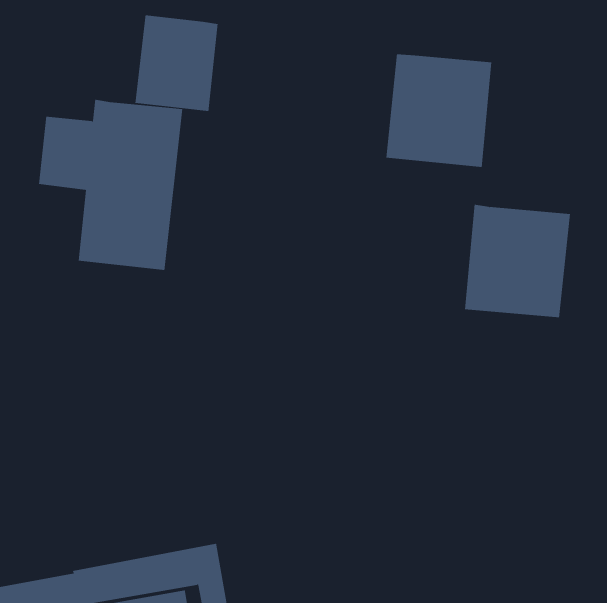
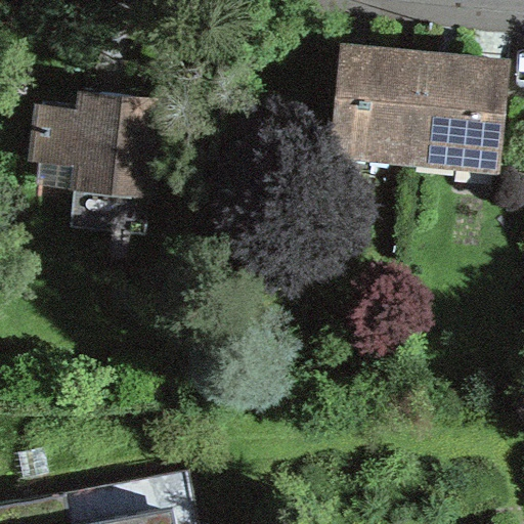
building: [135,15,218,112] -> none
building: [464,204,571,318] -> [412,60,504,158]

